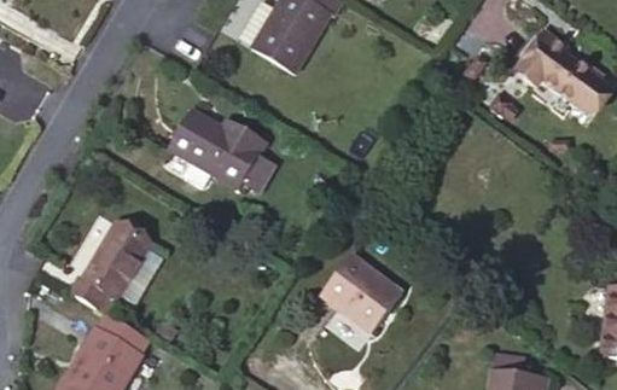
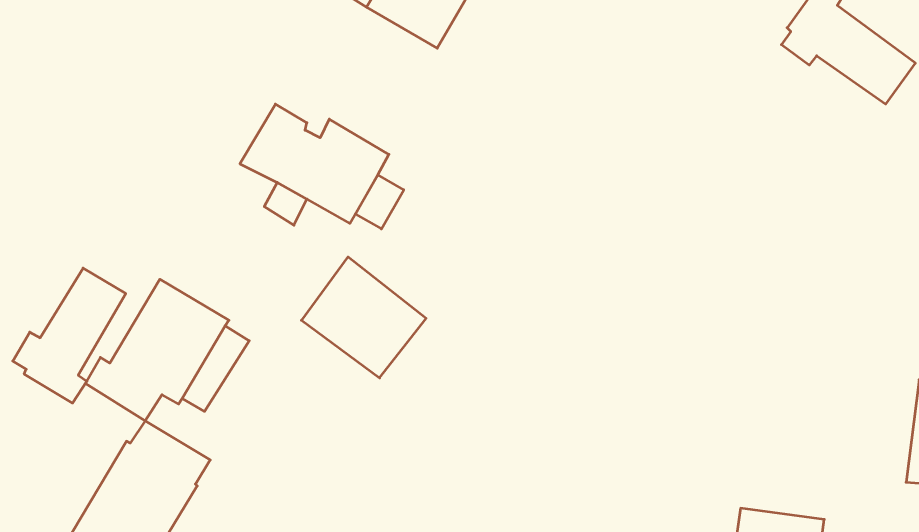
building: none -> [13,268,126,403]
building: [320,250,401,328] -> [301,257,426,378]

